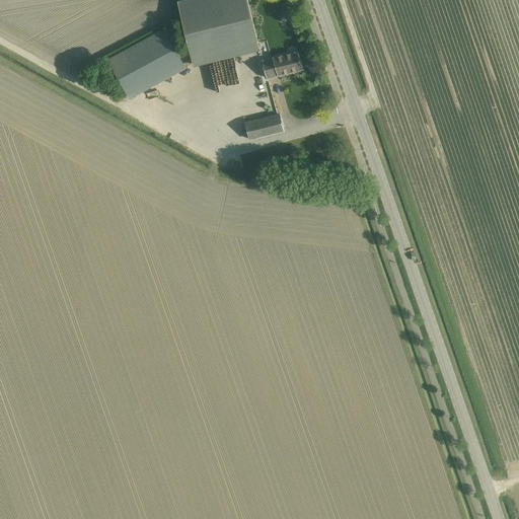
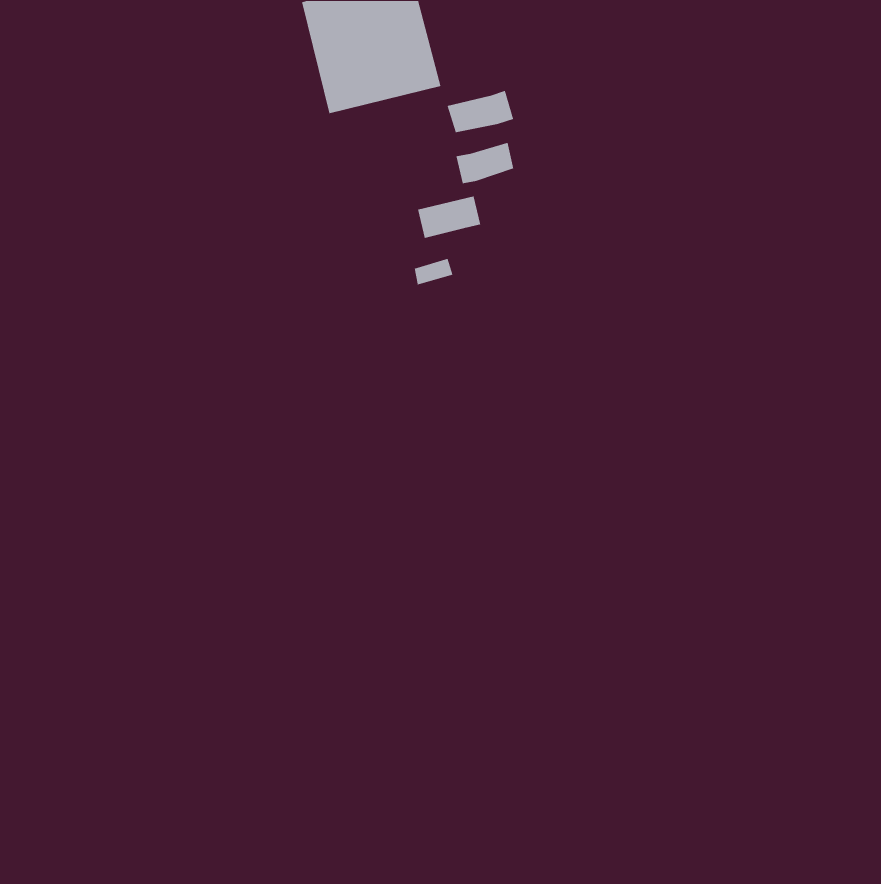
building: [108,30,190,97] -> none
building: none -> [456,142,514,184]

